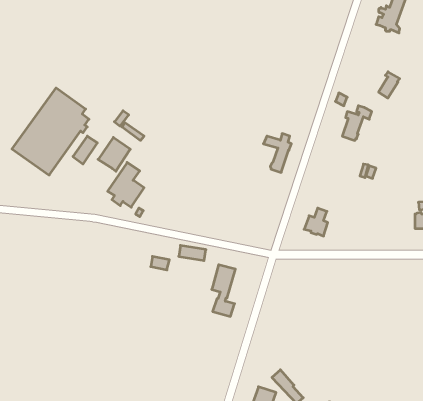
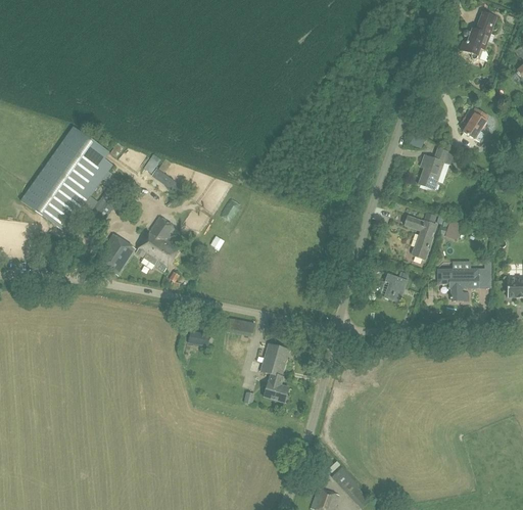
building: [263,134,291,172] -> [403,212,437,259]
building: [98,137,130,171] -> [96,232,135,273]
building: none -> [438,268,478,299]

